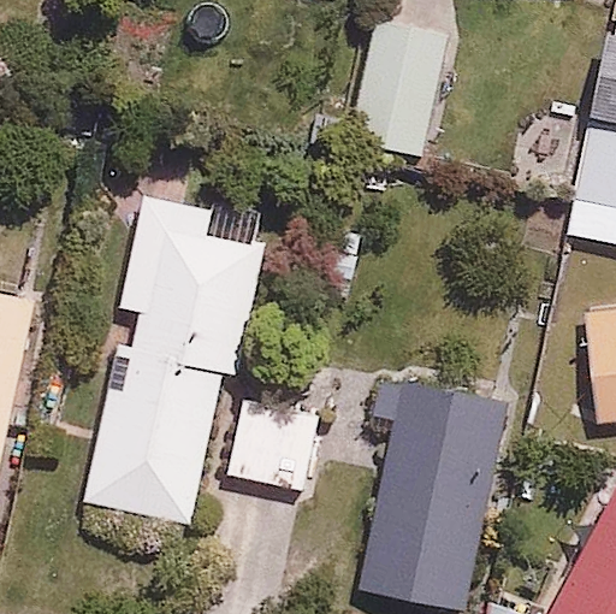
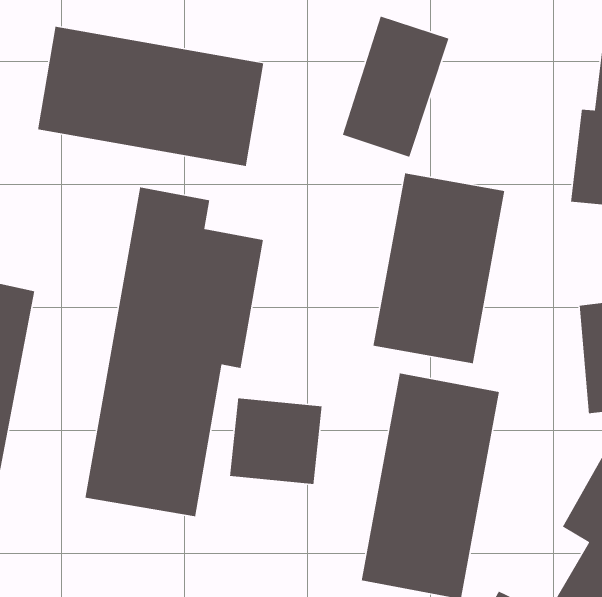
building: none -> [37,26,264,167]
building: none -> [373,173,505,364]

